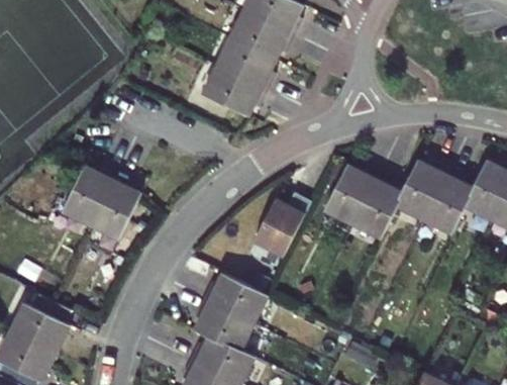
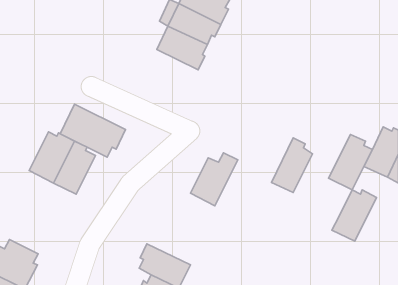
building: [202,67,265,117] -> none
building: none -> [60,104,126,157]
building: [394,160,447,221] -> [332,190,377,241]
building: [324,164,379,226] -> none
building: [203,275,270,325] -> none

